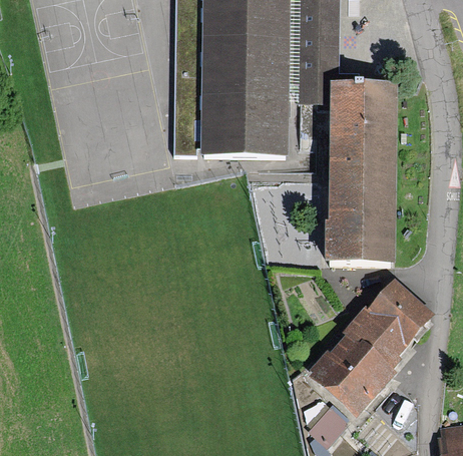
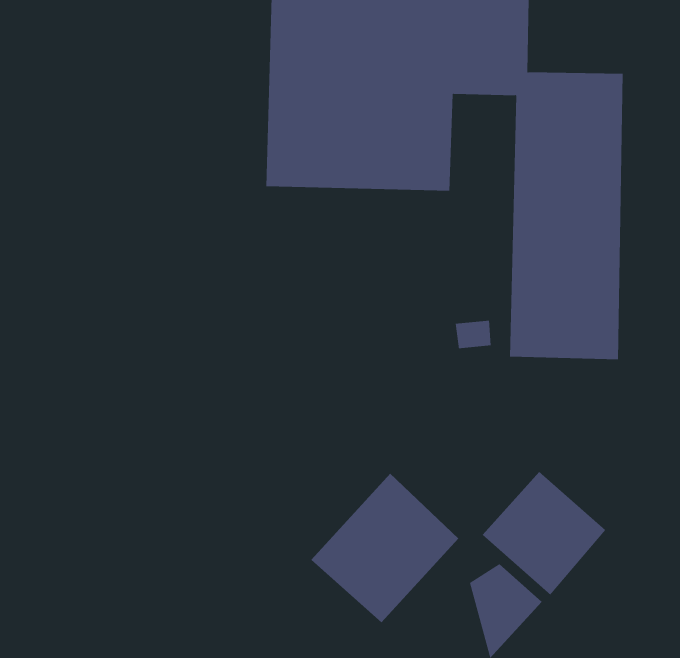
building: [346,279,429,365] -> none
building: none -> [311,473,459,623]

